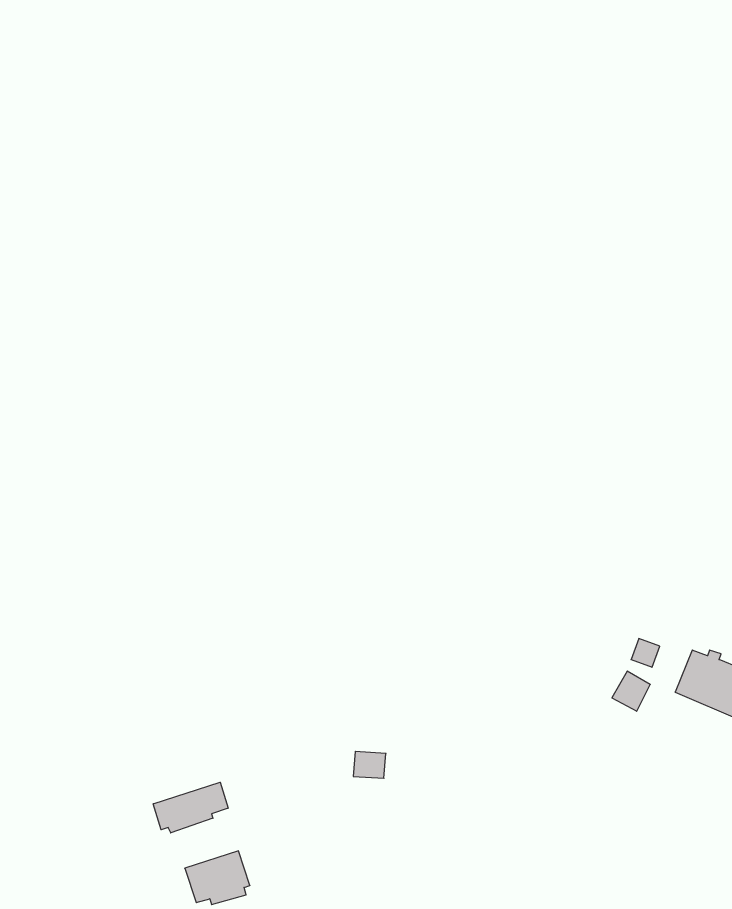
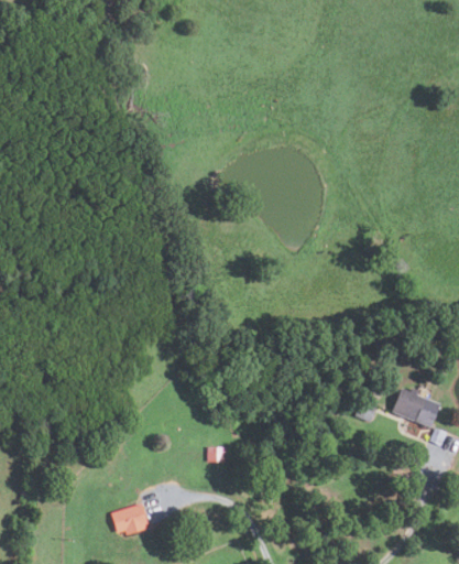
building: [153,782,228,833] -> none

